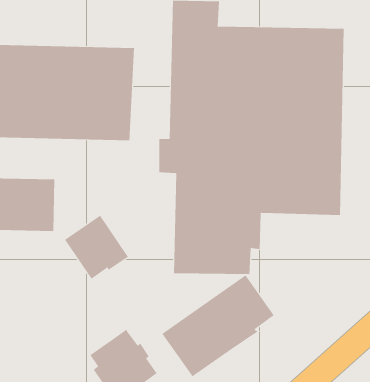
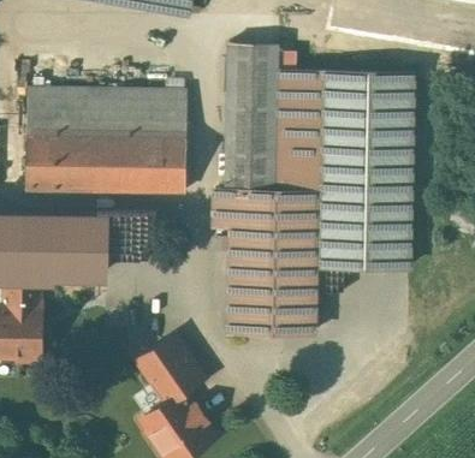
building: [64,215,129,279] -> [135,333,203,402]
building: [161,274,275,377] -> none

